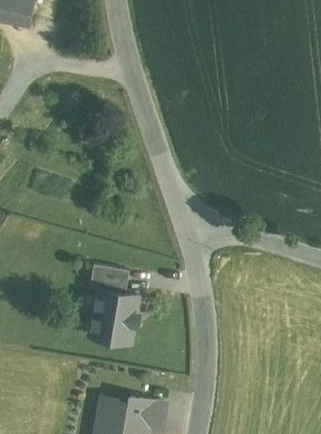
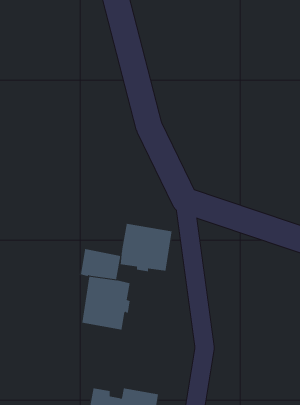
building: none -> [120,223,172,272]

